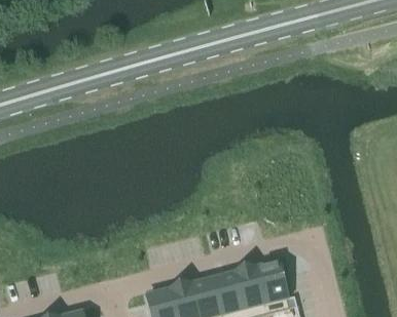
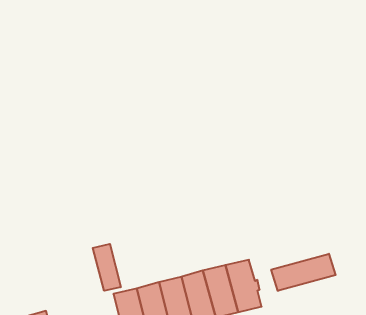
building: none -> [93,244,121,291]
building: none -> [271,254,336,291]

